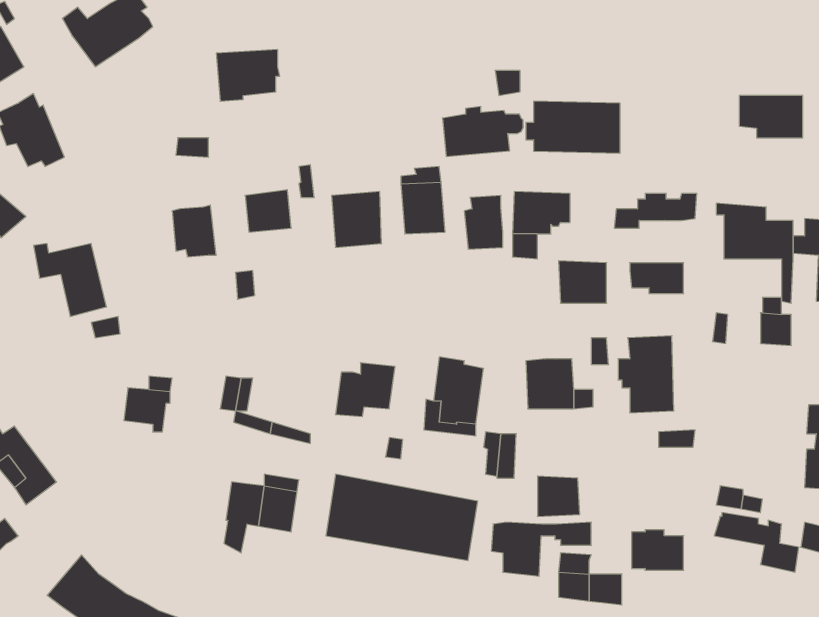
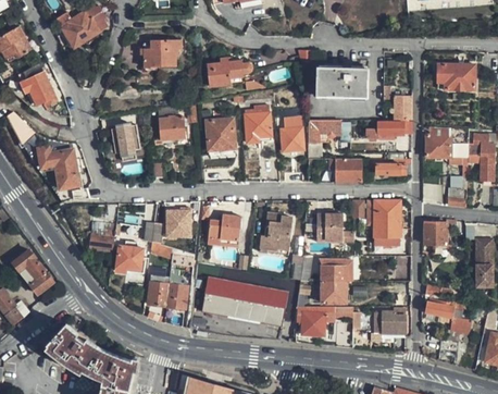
building: [442,107,523,157] -> [207,57,252,85]
building: none -> [396,94,413,119]
building: none -> [167,210,190,236]
building: none -> [425,222,447,245]
building: none -> [116,247,144,273]
building: none -> [322,260,352,280]

